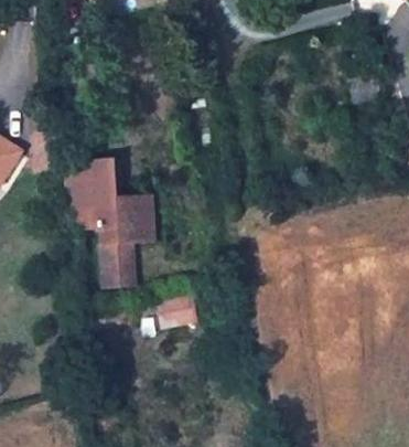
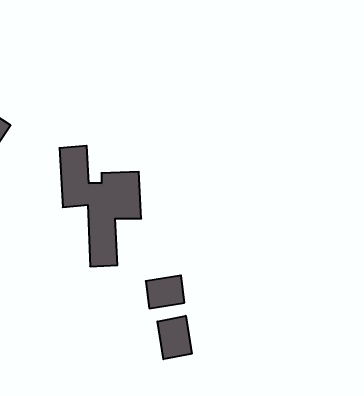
building: none -> [157,316,192,359]

